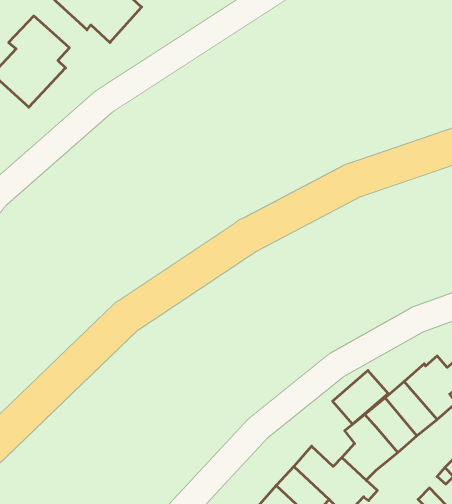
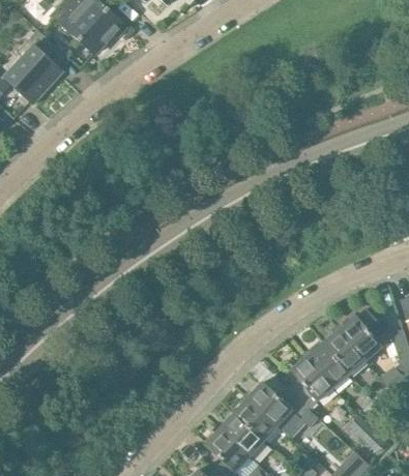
building: [333,370,388,424] -> none

